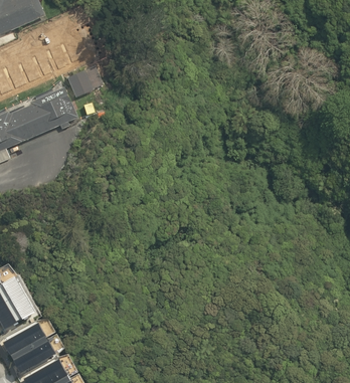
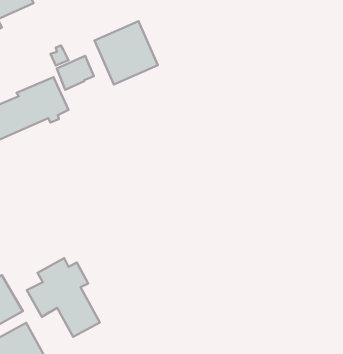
building: none -> [95,21,158,85]
building: none -> [27,258,100,337]

